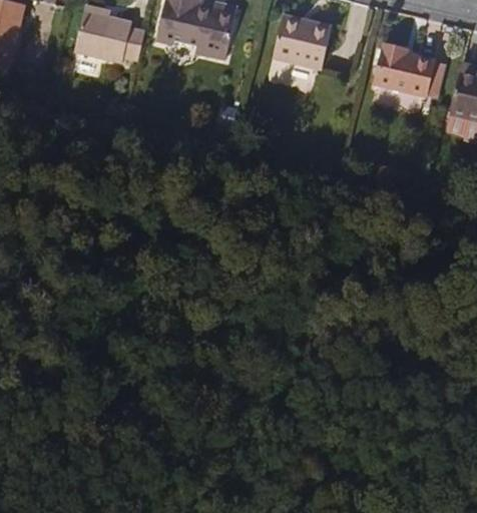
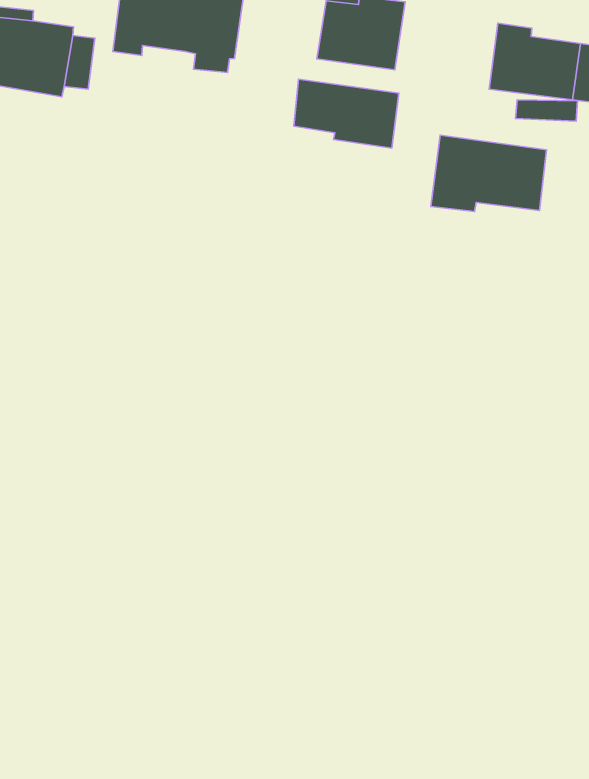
building: none -> [294,79,399,148]
building: none -> [431,135,547,212]

